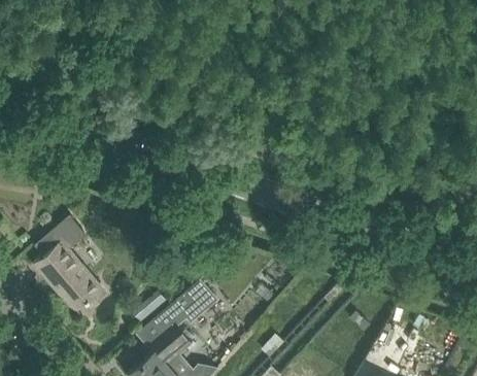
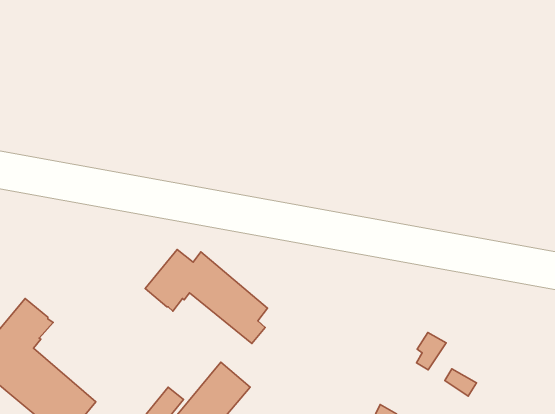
building: none -> [145,250,268,344]

